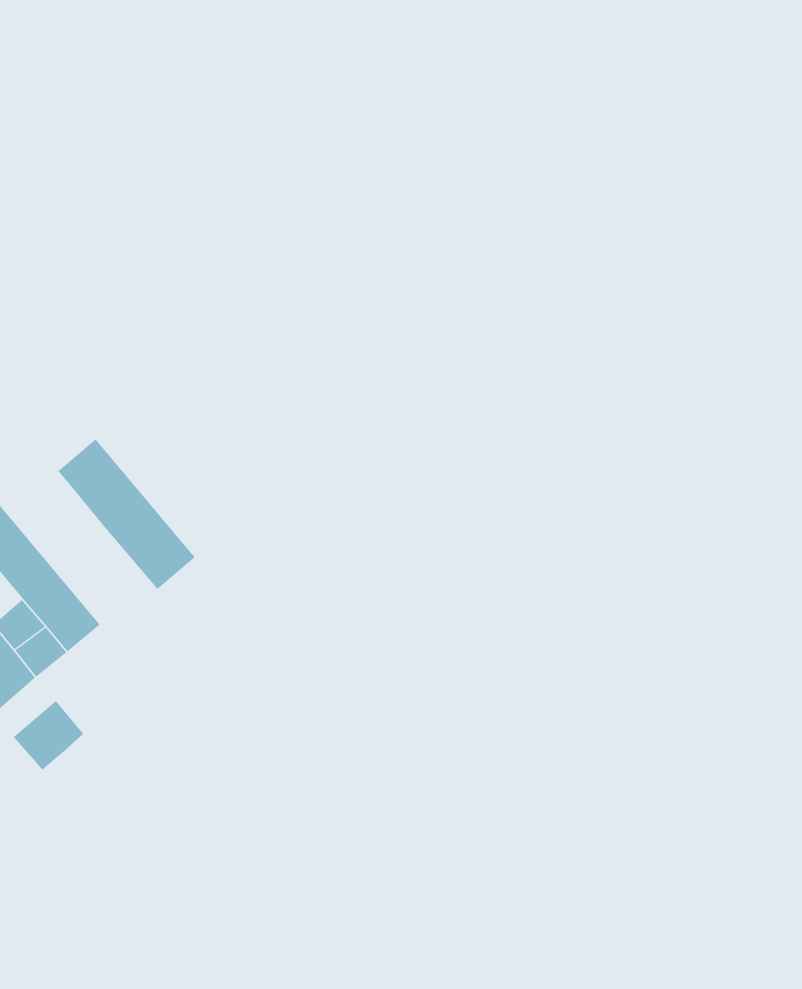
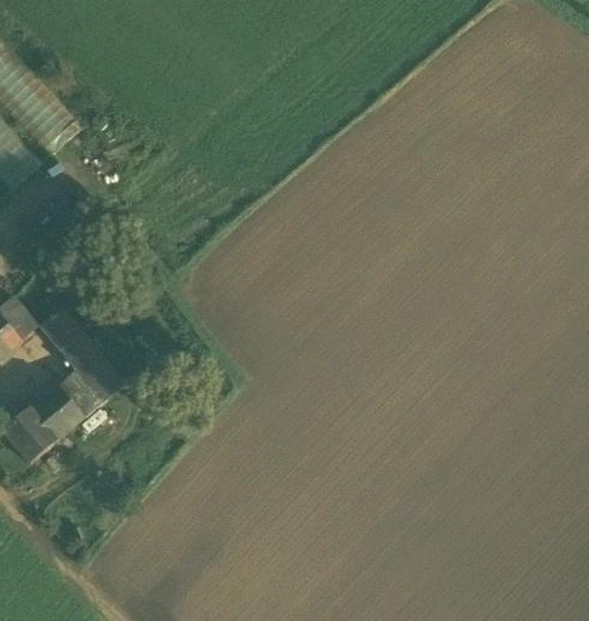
building: [58,438,196,590] -> none
building: [13,700,84,770] -> none

